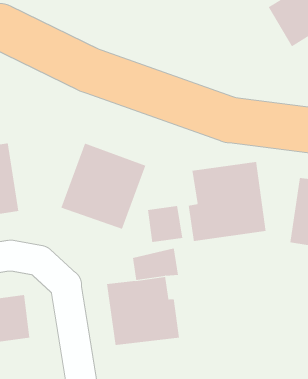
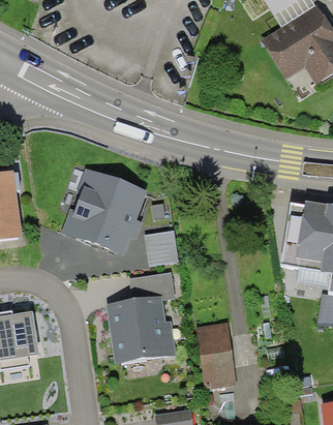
building: [188,161,266,242] -> none
building: none -> [194,324,236,389]

